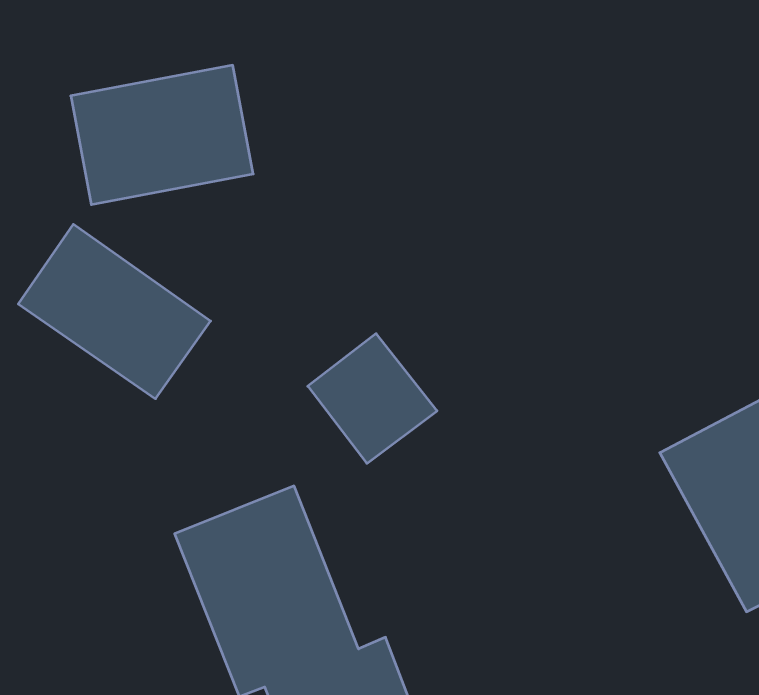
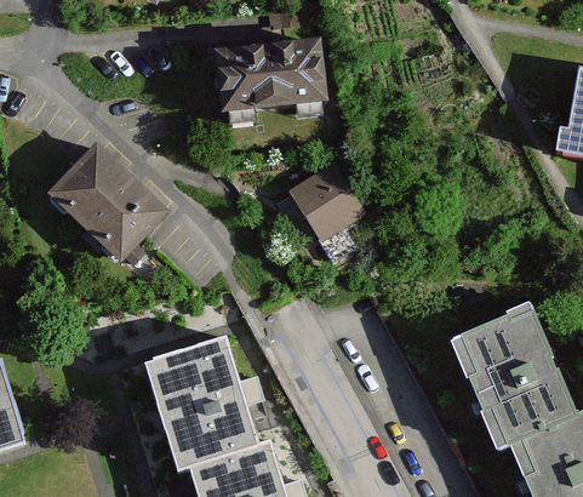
building: [71,65,253,205] -> [219,40,333,122]
building: [308,334,437,463] -> [292,162,375,246]

